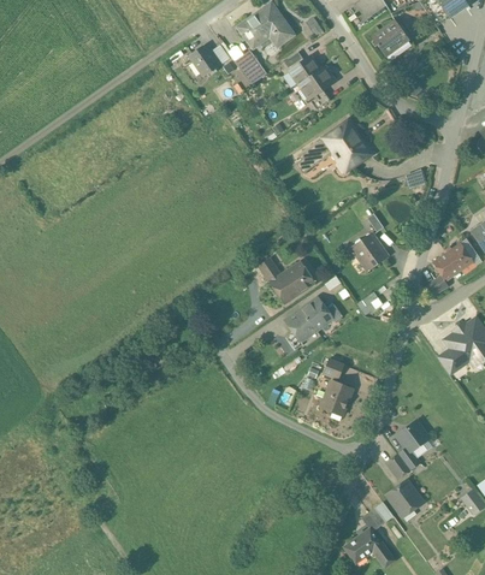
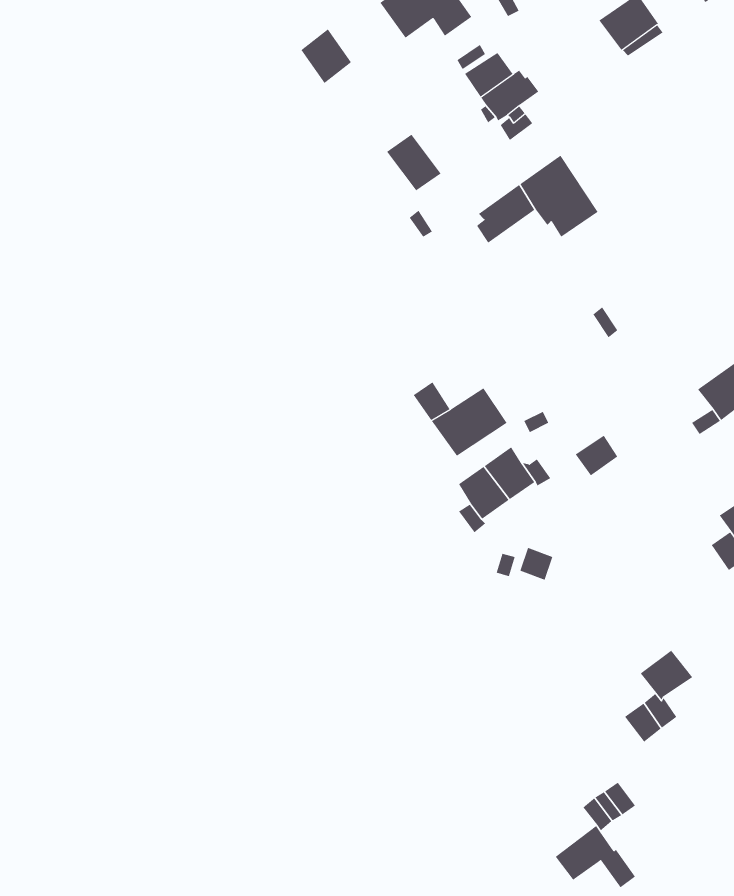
building: [233,49,267,84] -> [386,134,442,191]
building: [350,232,388,269] -> none
building: [320,379,353,420] -> none
building: [386,480,421,516] -> none

